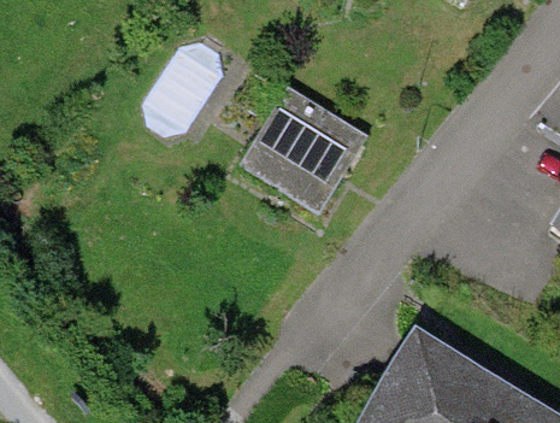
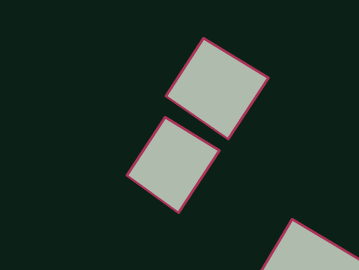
building: none -> [127,117,219,213]

